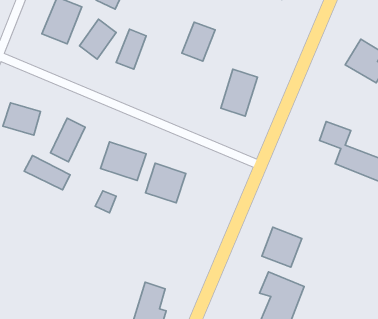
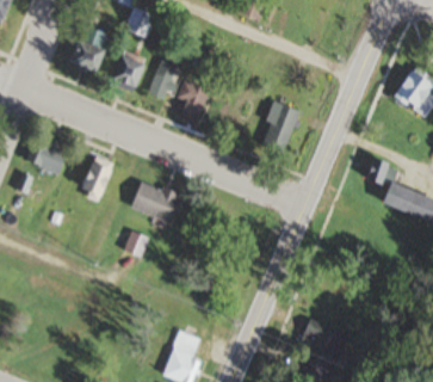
building: [182,22,215,61] -> [173,81,209,123]
building: [24,155,70,190] -> none
building: [145,163,186,203] -> none
building: [262,227,302,267] -> none

